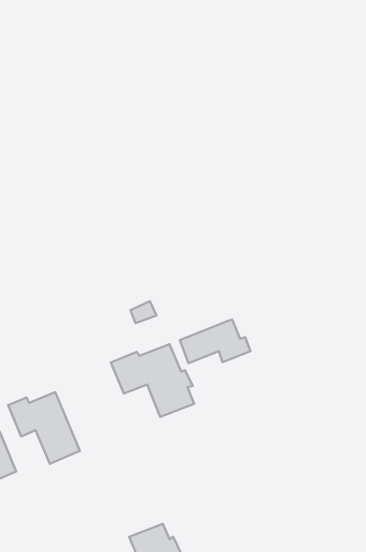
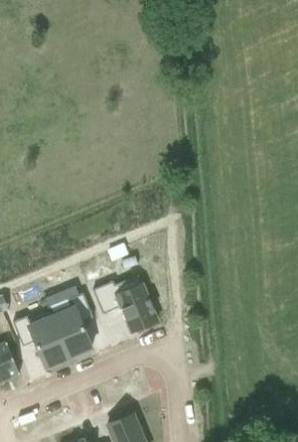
building: [180,319,250,363] -> none
building: none -> [50,294,92,358]

